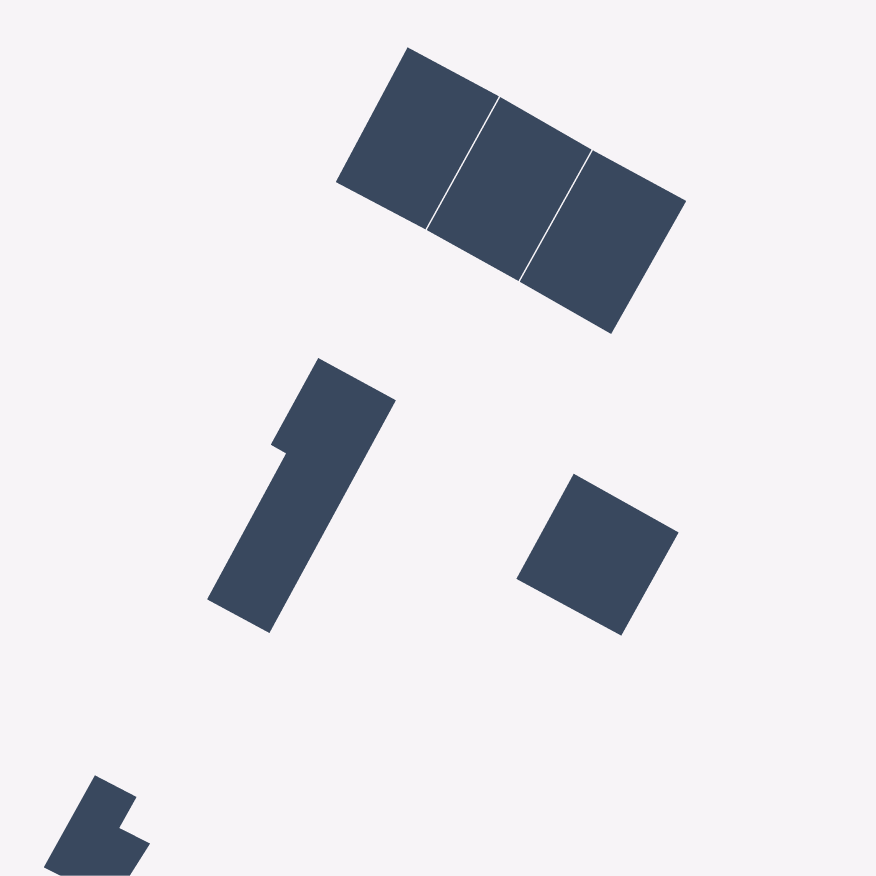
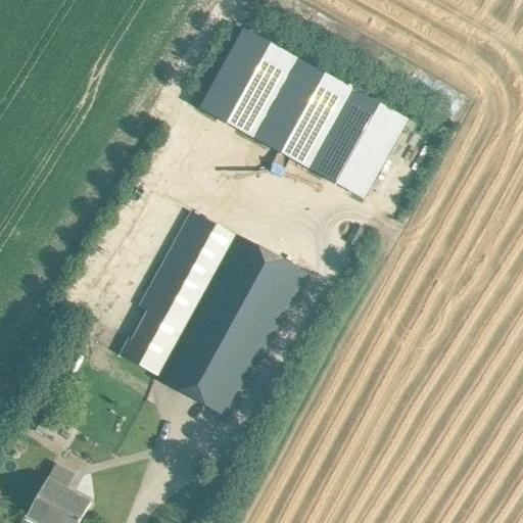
building: none -> [159,238,301,414]
building: [515,473,679,636] -> none

